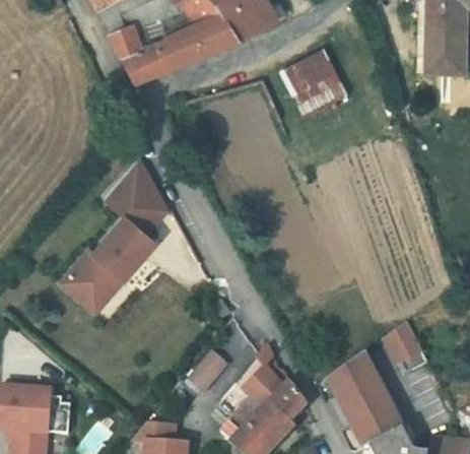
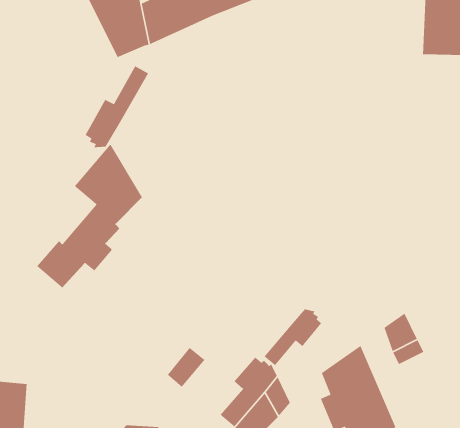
building: [293,60,350,120] -> none
building: none -> [85,65,149,148]
building: [56,274,118,313] -> none
building: none -> [263,309,322,366]

